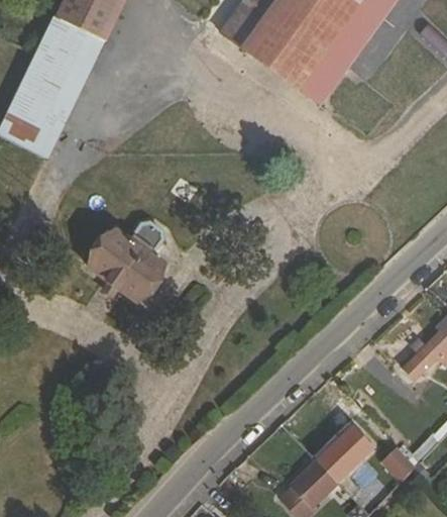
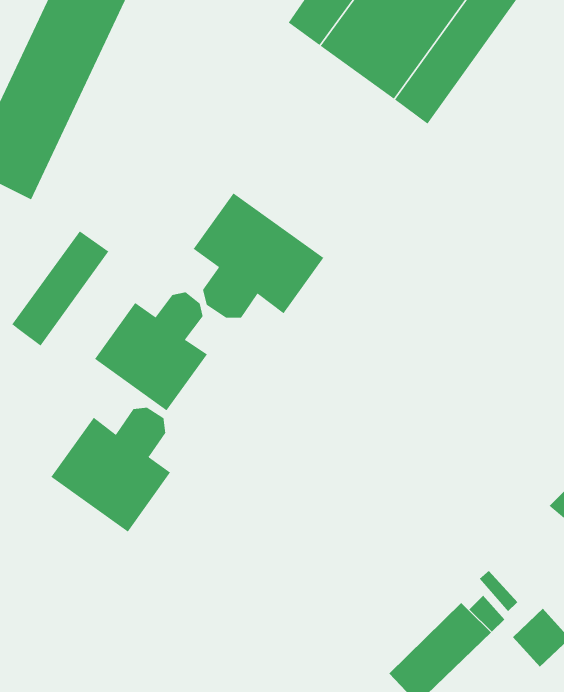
building: none -> [193,193,324,318]
building: none -> [11,230,109,347]
building: none -> [50,407,171,532]

